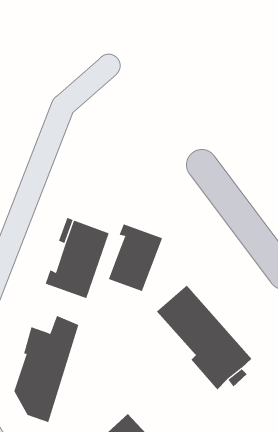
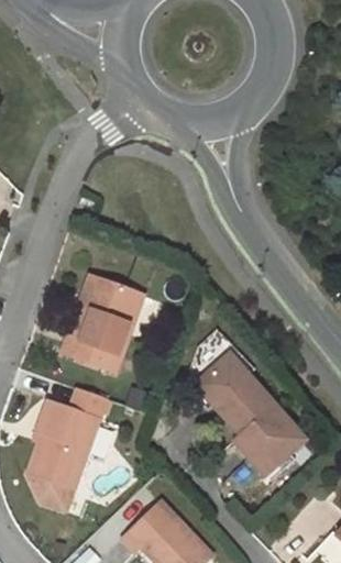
building: [108,223,163,292] -> none

